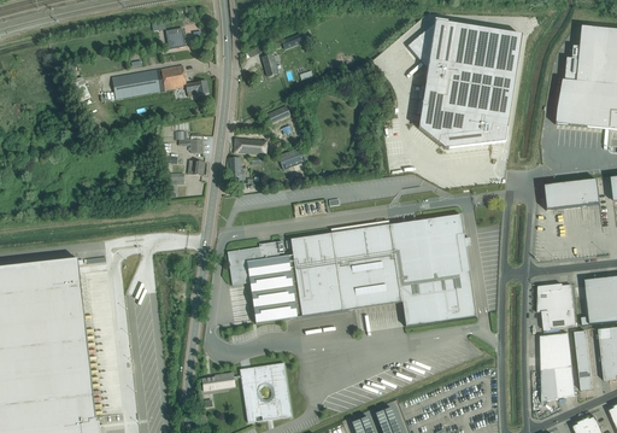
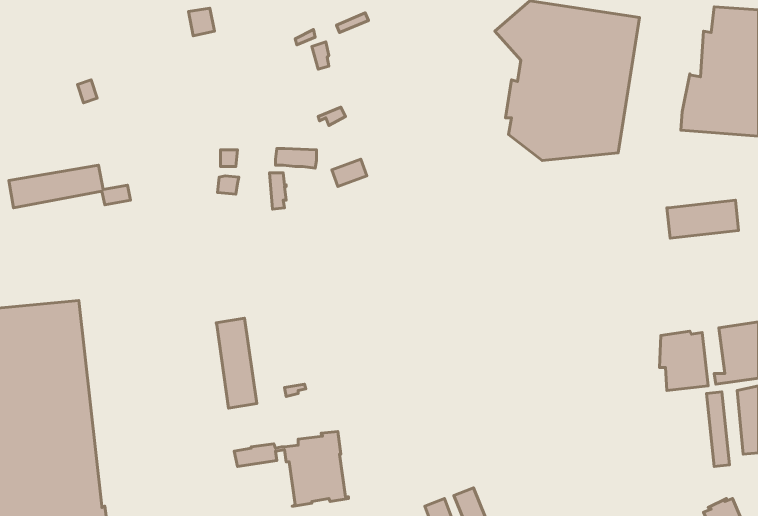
building: [112,64,208,98] -> [9,165,131,208]
building: [228,213,476,326] -> none
building: none -> [216,318,257,408]
building: [540,332,576,400] -> none

